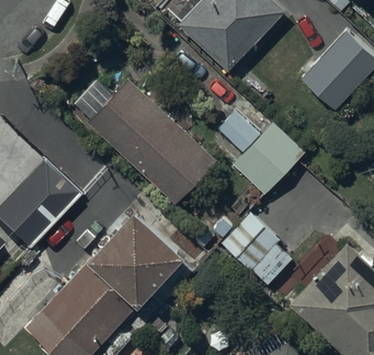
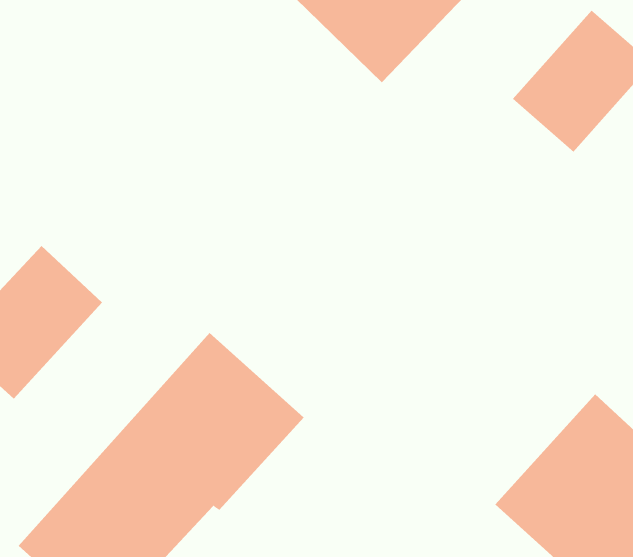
building: [88,79,216,204] -> none
building: [217,106,304,191] -> none
building: [222,213,293,287] -> none

